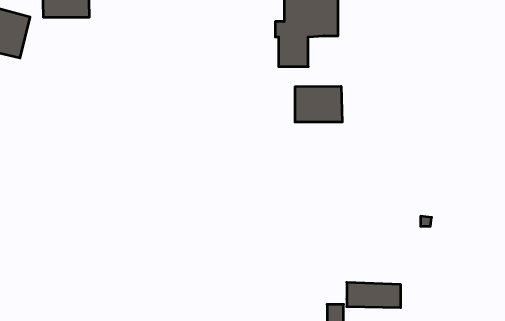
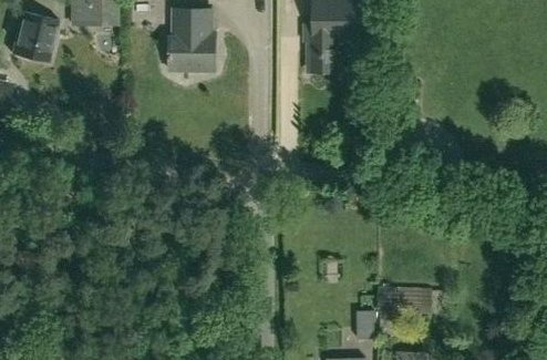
building: none -> [168,9,215,70]
building: [295,86,342,122] -> none

